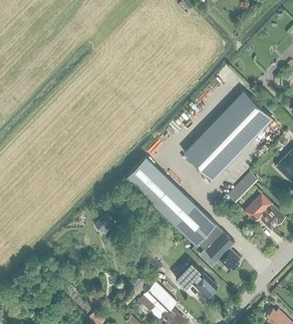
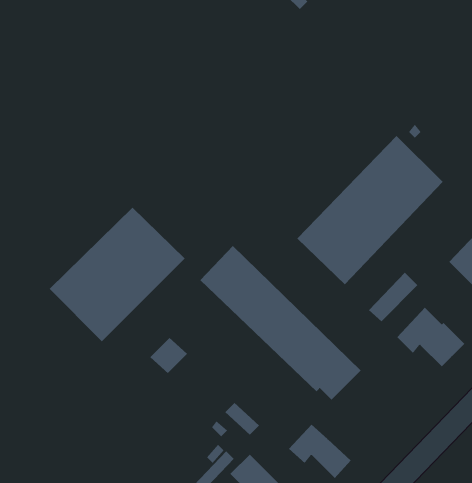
building: none -> [49,207,186,342]
building: [205,232,240,269] -> none

